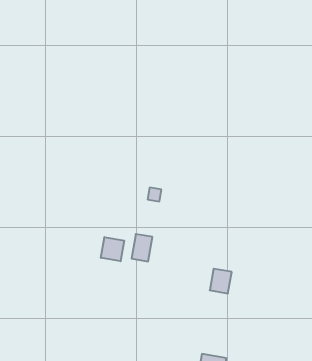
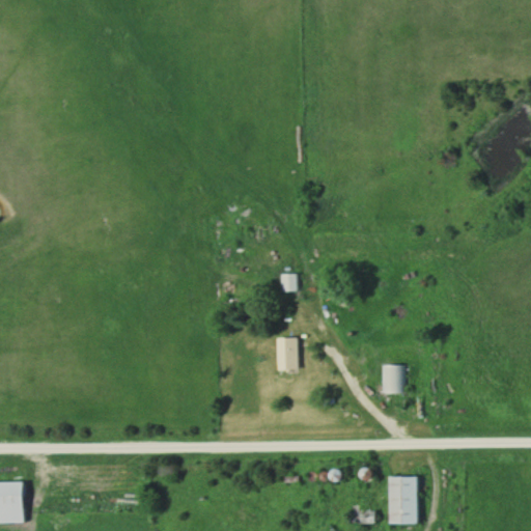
building: [101,237,124,261] -> none

